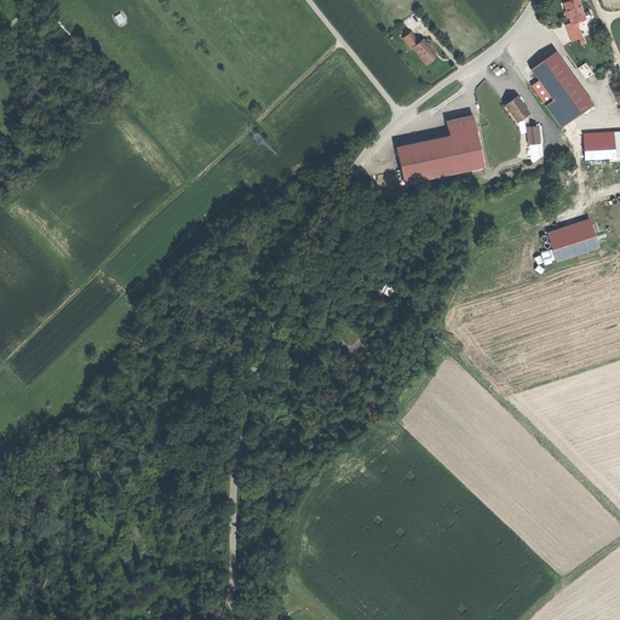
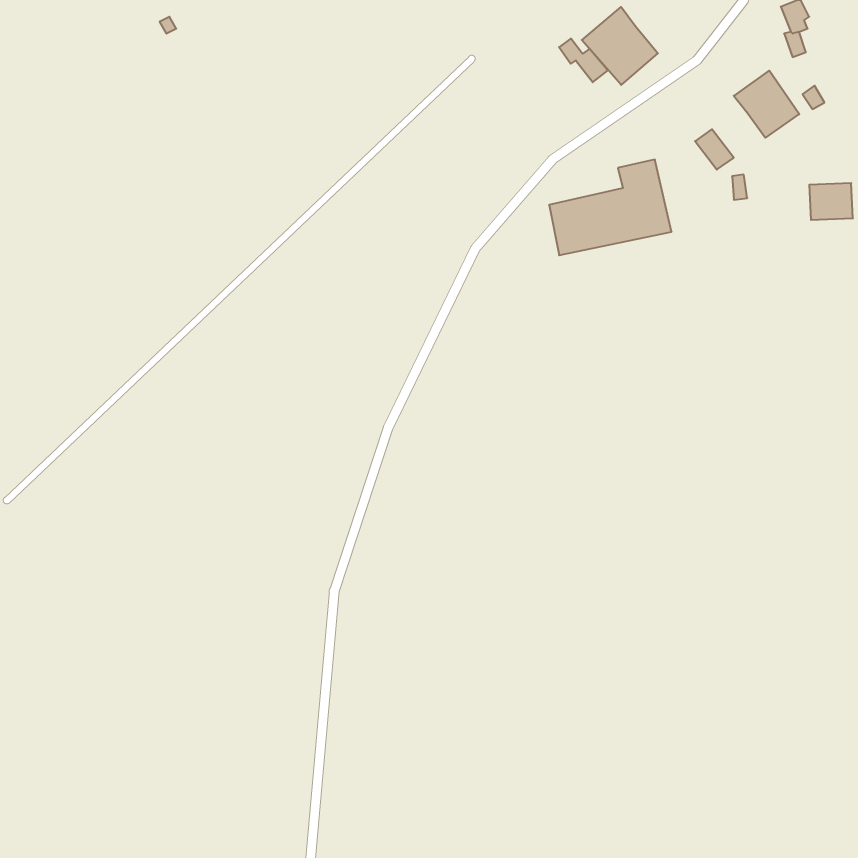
building: none -> [582,7,658,85]
building: [530,81,593,127] -> none
building: [550,219,601,260] -> none

